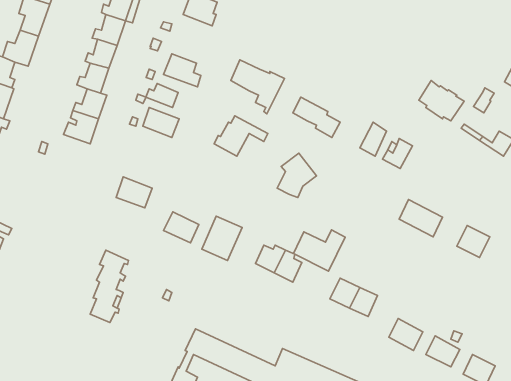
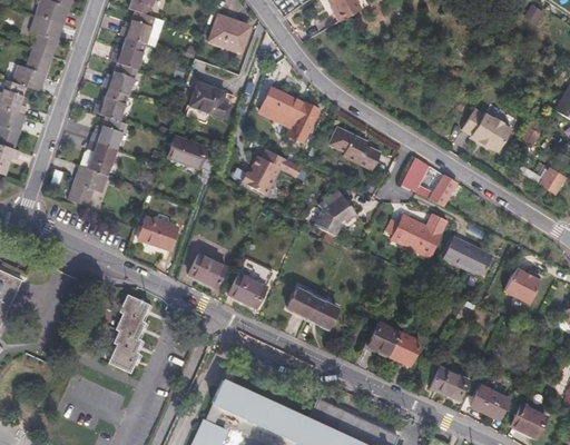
building: [146,84,178,107] -> none
building: none -> [69,168,109,208]
building: [293,230,345,271] -> [390,214,445,258]

